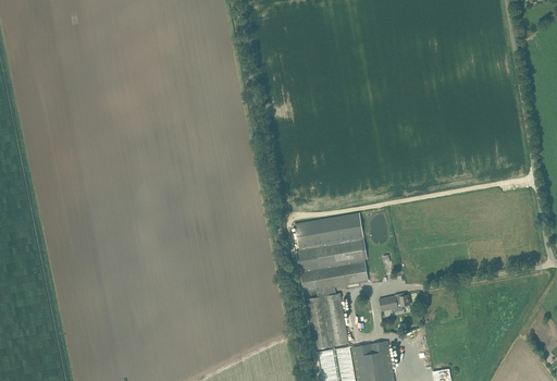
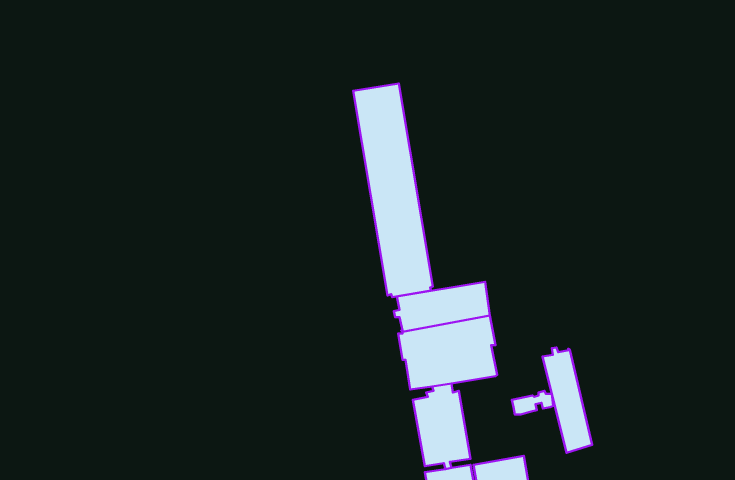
building: none -> [353,84,433,297]
building: none -> [542,348,592,453]

